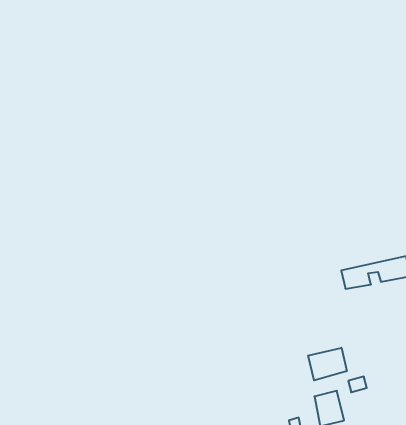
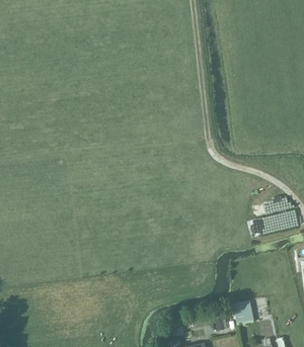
building: [308,348,347,380] -> none

